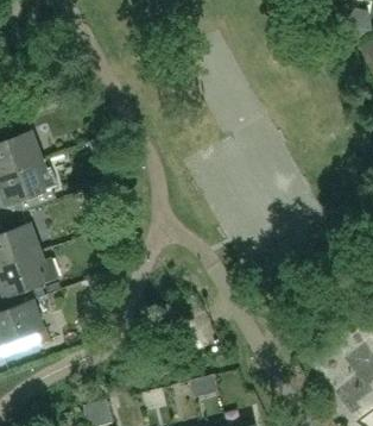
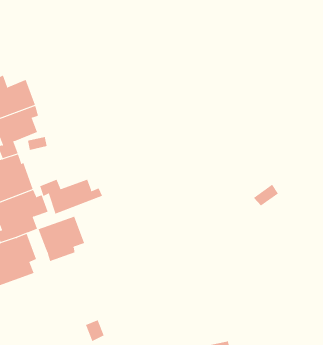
building: none -> [39,179,103,214]
building: none -> [38,216,85,262]

